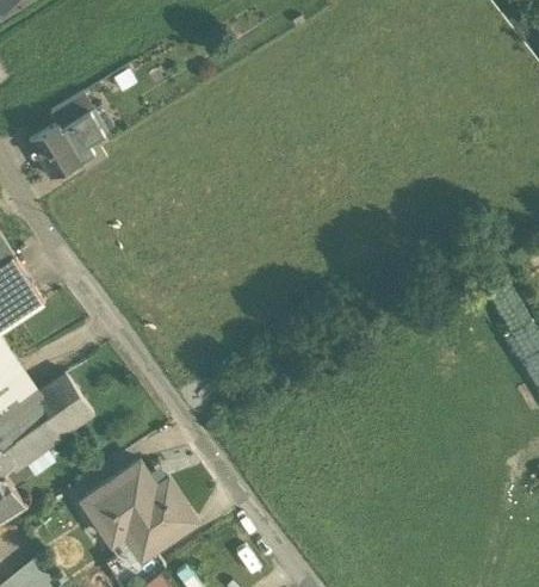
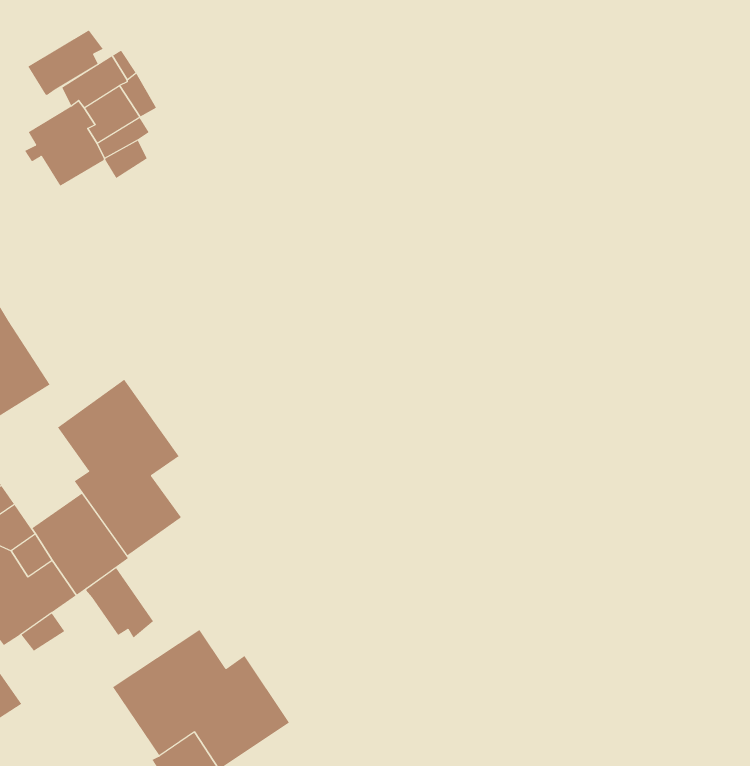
building: none -> [28,29,104,96]
building: none -> [57,379,182,556]
building: none -> [85,567,154,639]

